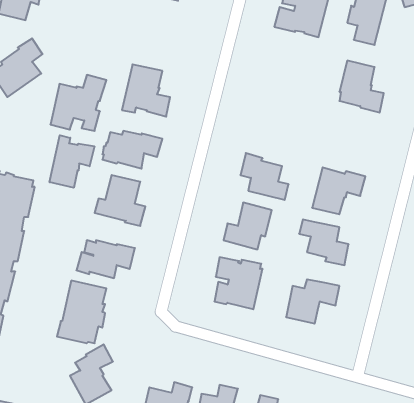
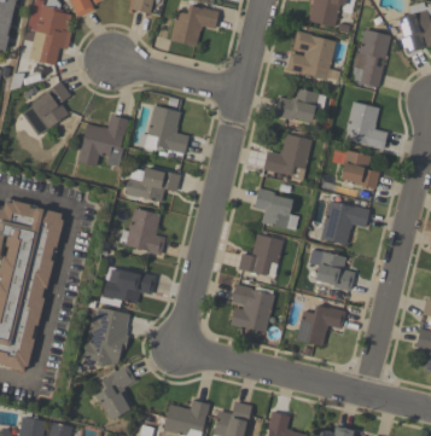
building: none -> [274,87,325,121]
building: none -> [262,134,311,180]
building: none -> [331,147,379,188]
building: [50,135,94,188] -> none

